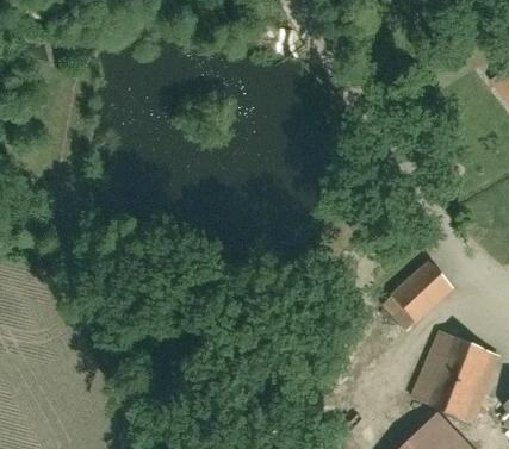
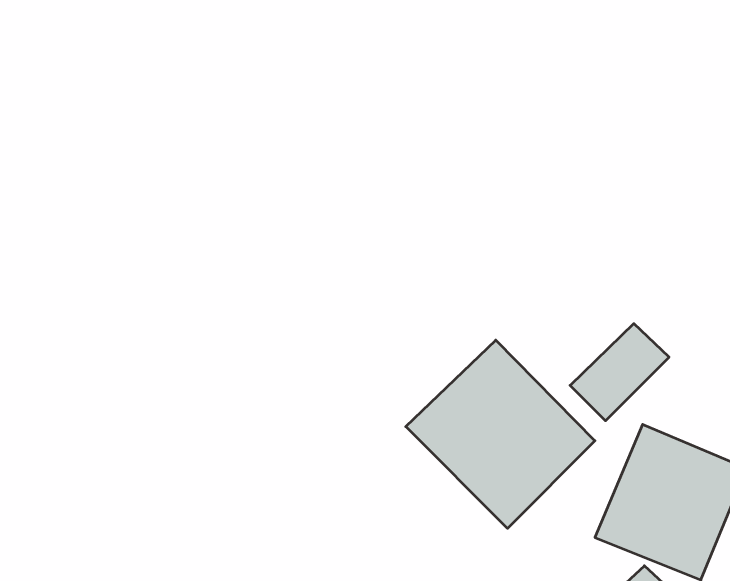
building: none -> [406,340,595,528]

